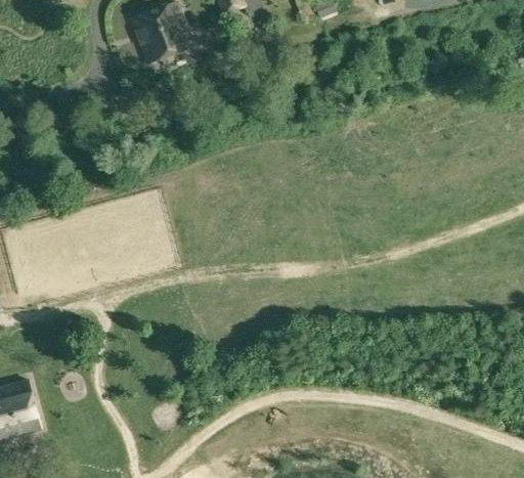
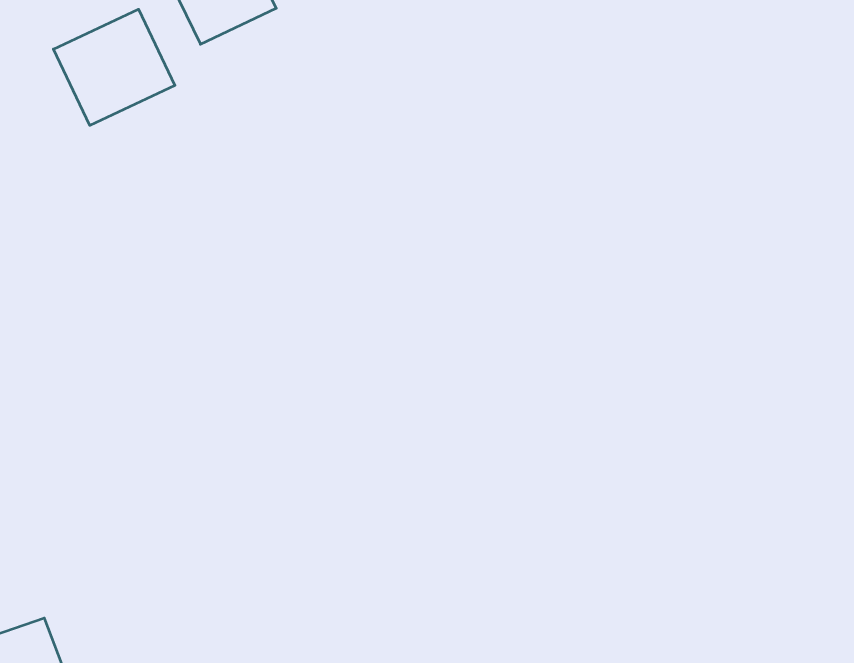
building: none -> [53,9,175,125]

